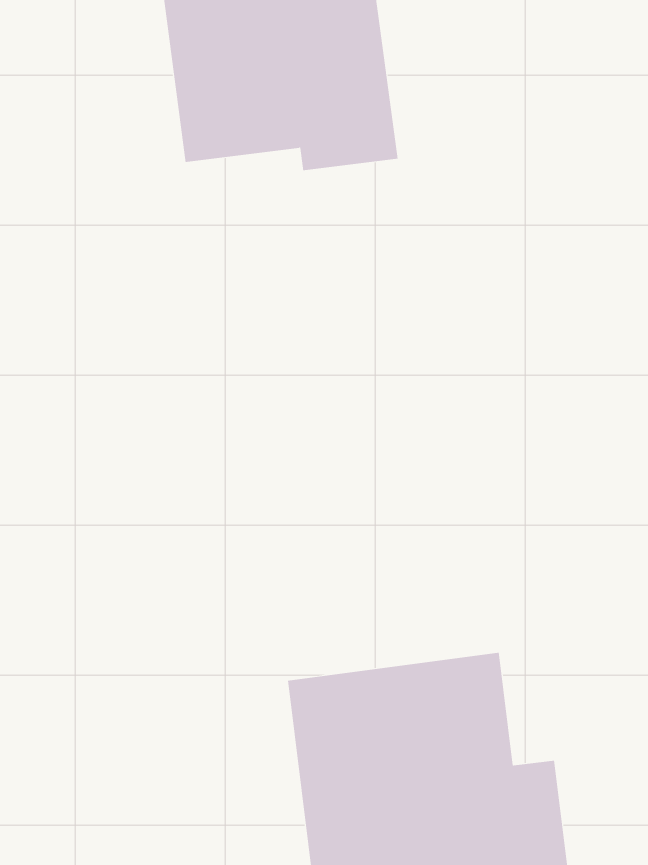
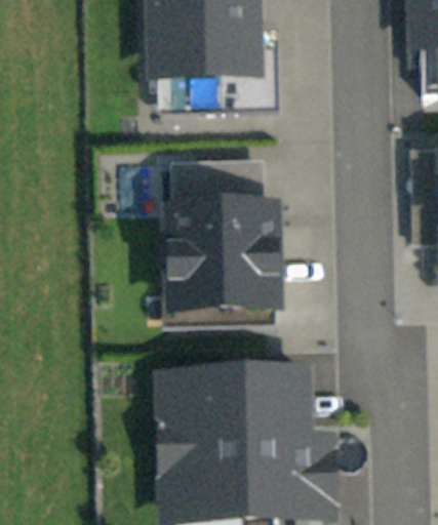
building: none -> [173,214,274,310]

